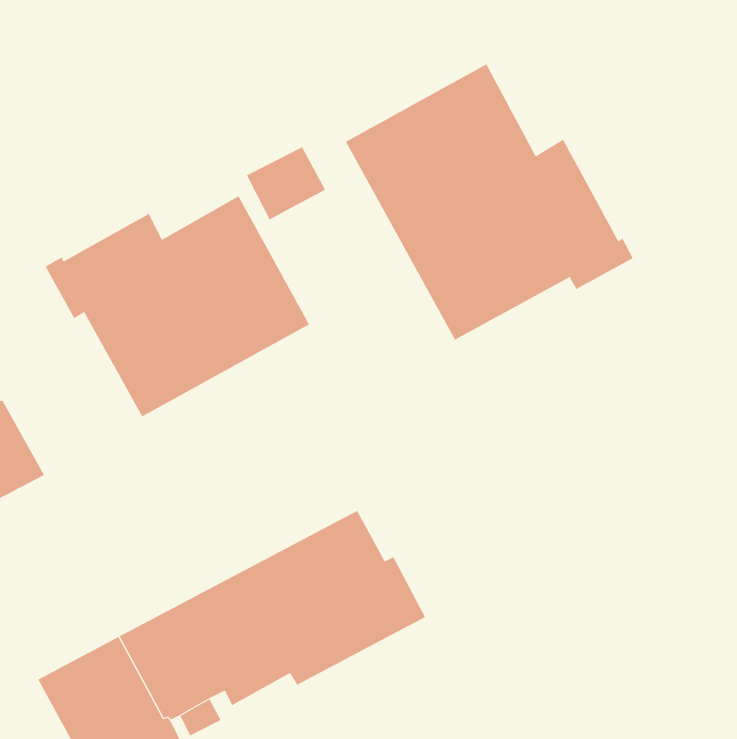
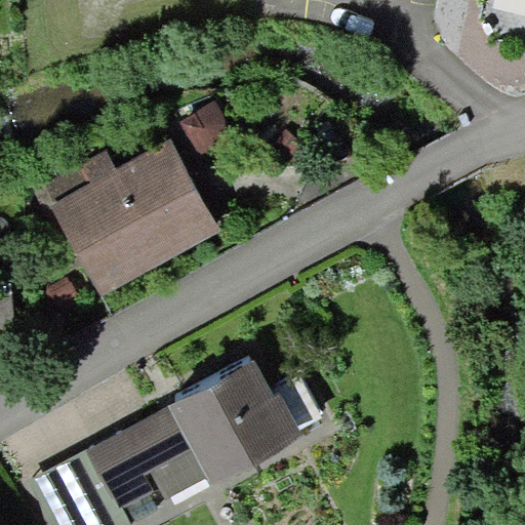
building: [345,63,633,341] -> none

